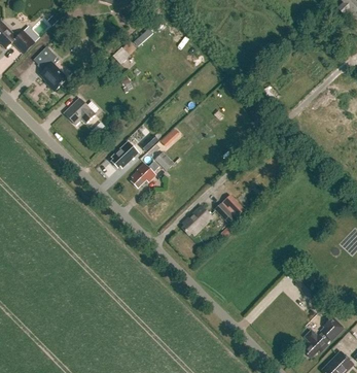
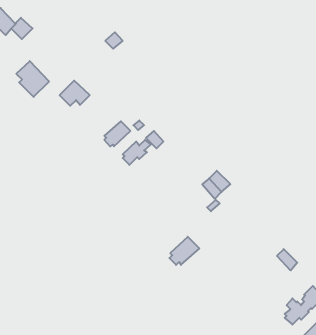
building: [38,50,73,89] -> [16,61,49,97]
building: [182,204,214,234] -> [169,237,199,265]

